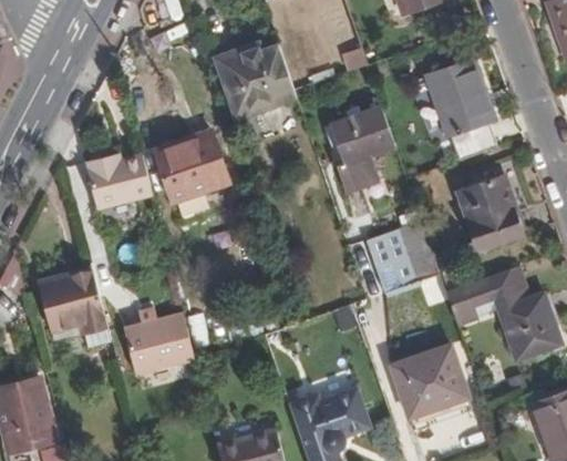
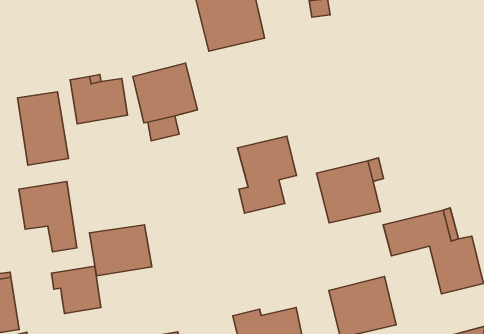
building: [424,60,495,160] -> none
building: [328,106,395,195] -> [238,136,296,213]
building: [456,176,520,250] -> none
building: none -> [17,92,68,165]
building: none -> [51,266,101,313]

